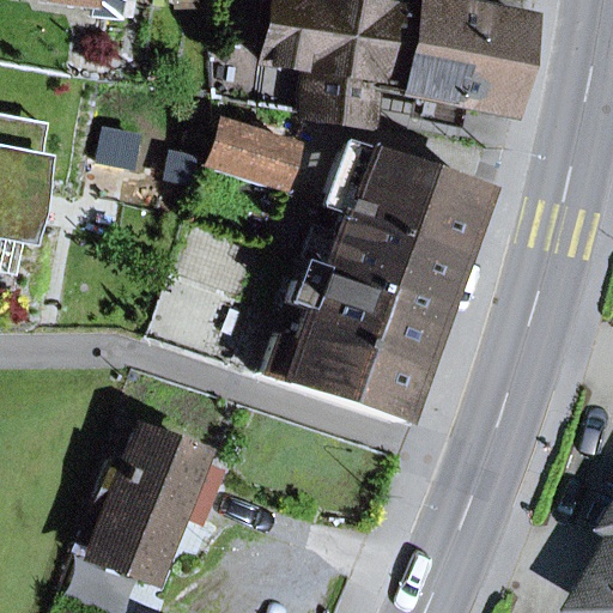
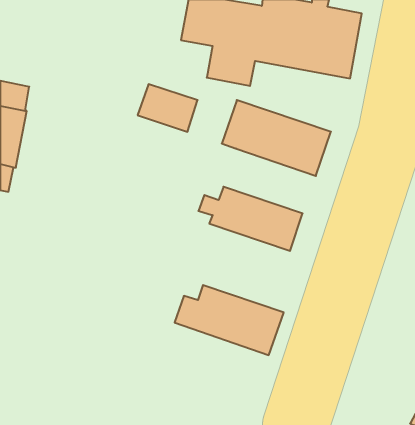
building: [320,213,469,306] -> none
building: [275,321,432,421] -> [175,285,284,355]
building: [86,429,235,581] -> none

